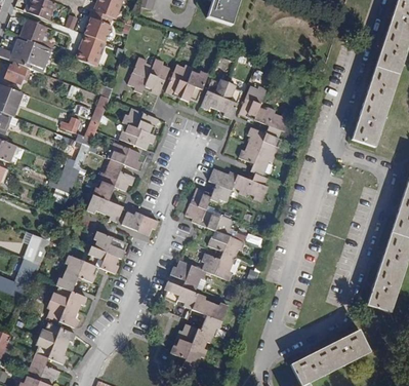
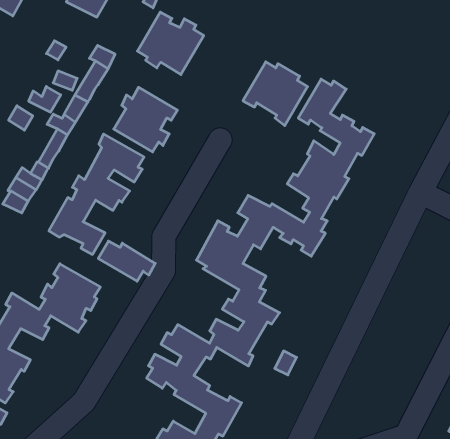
building: [165,65,208,102] -> none

